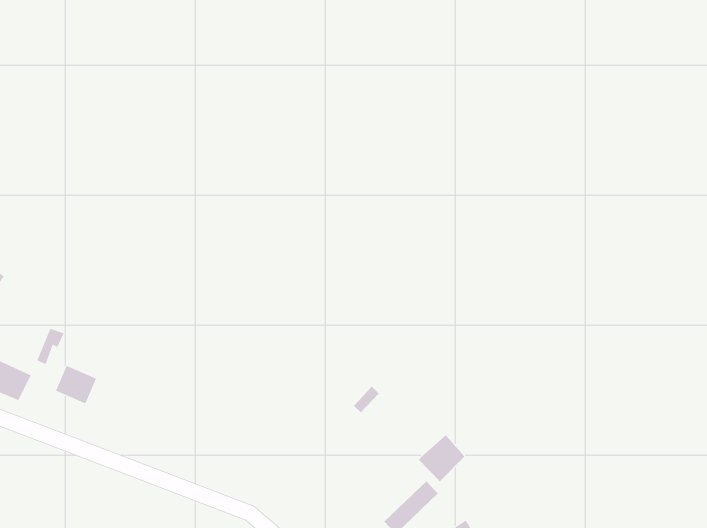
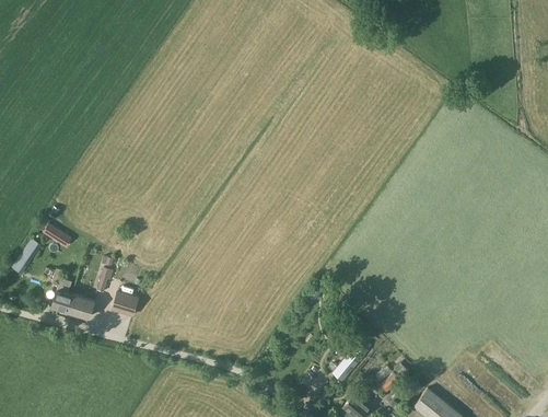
building: [418,435,465,482] -> none

